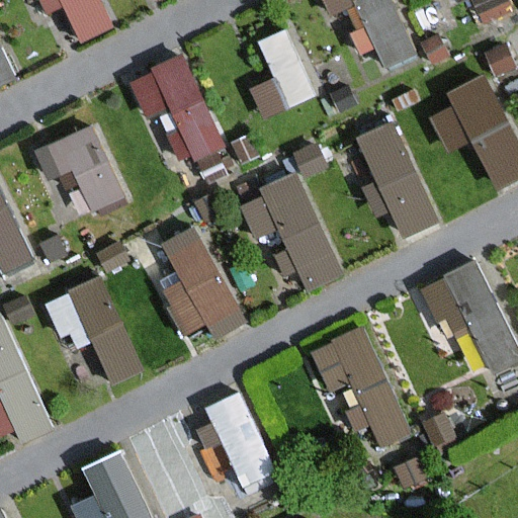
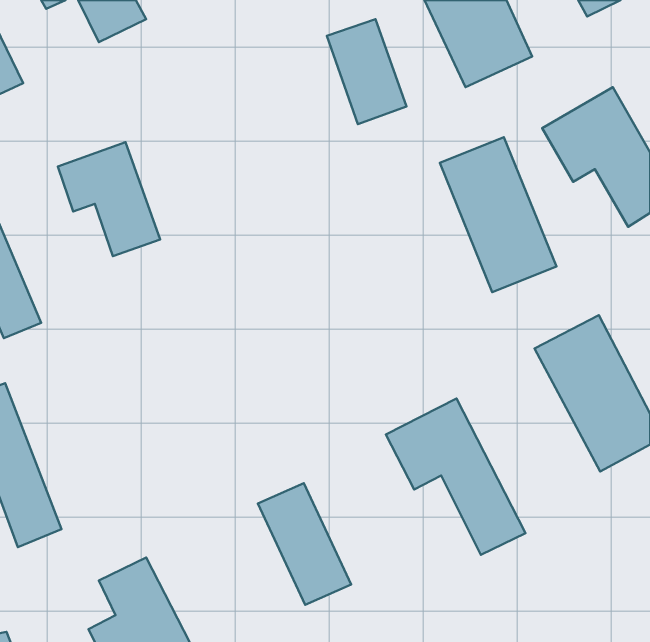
building: [127,53,229,171] -> none
building: [238,174,342,298] -> none
building: [151,222,241,339] -> none
building: [42,276,142,385] -> none

